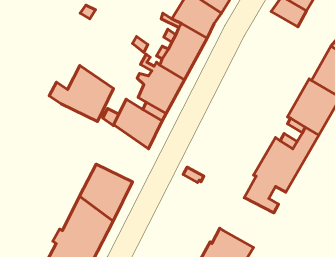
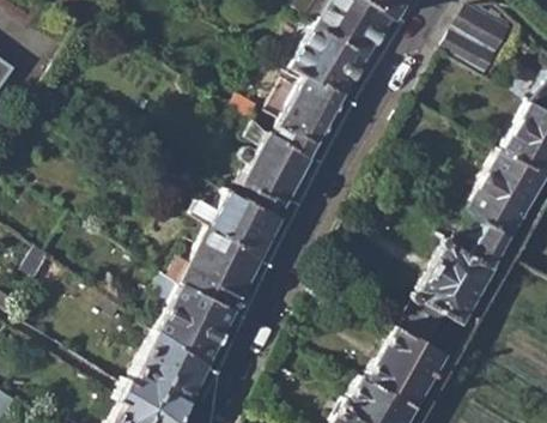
building: [49,65,113,122] -> [164,225,260,309]
building: none -> [371,332,446,407]

